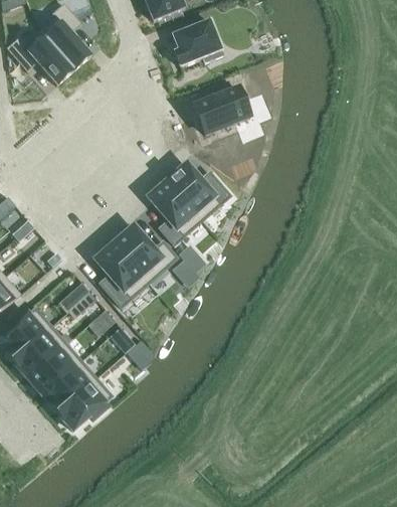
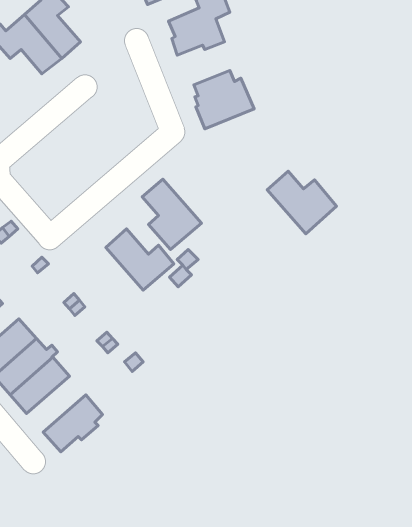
building: [167,163,230,220] -> [267,171,337,234]
building: [95,242,149,307] -> none
building: [42,360,96,411] -> none

